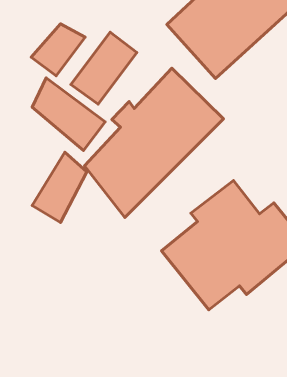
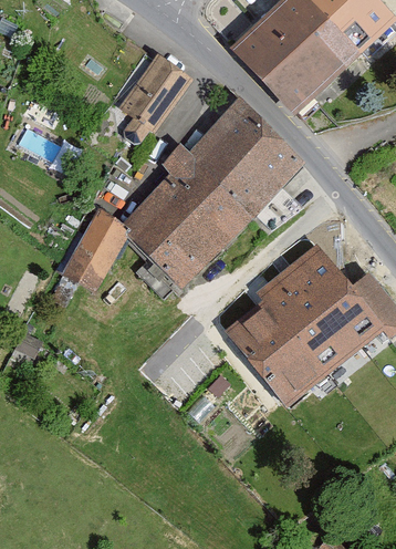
building: [31,24,85,76] -> none
building: [32,78,105,150] -> none

